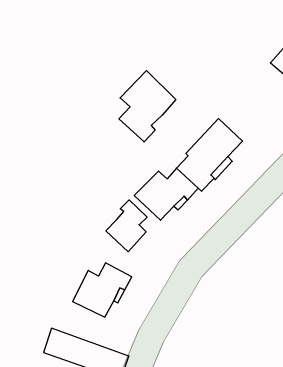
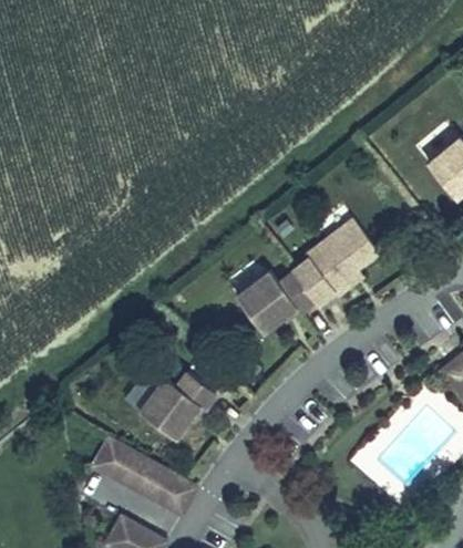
building: [119,71,176,142] -> none
building: [106,200,147,252] -> none

